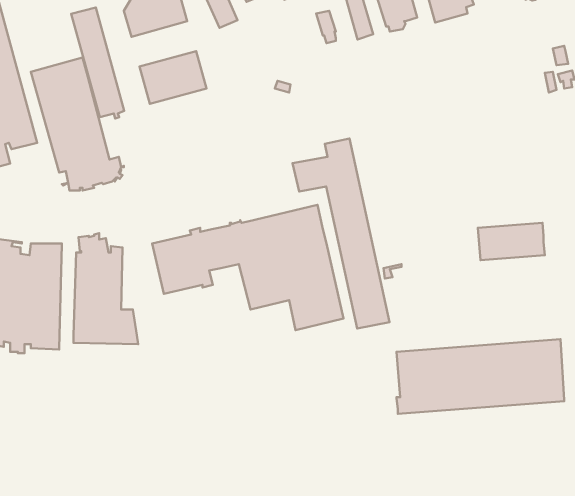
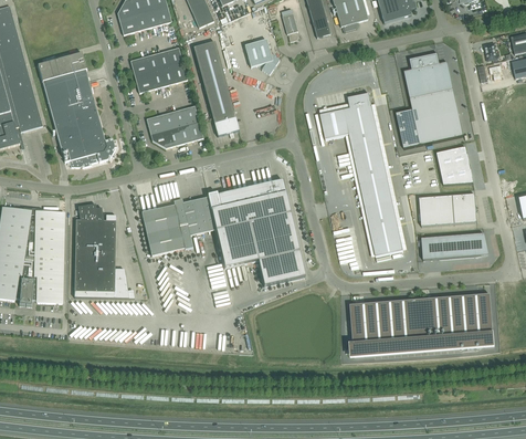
building: [71,7,124,119] -> [193,41,239,136]
building: none -> [244,39,280,73]
building: none -> [396,54,463,147]
building: none -> [146,105,203,147]
building: [293,139,389,328] -> [320,93,403,255]
building: none -> [436,146,474,184]
building: none -> [422,232,486,259]

